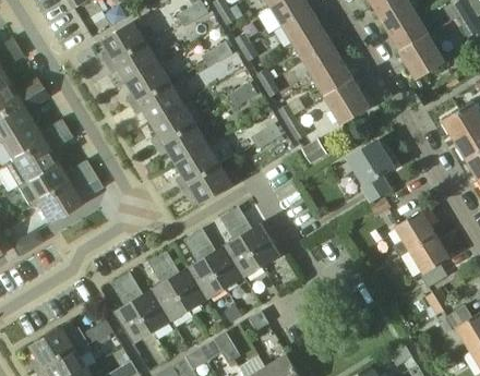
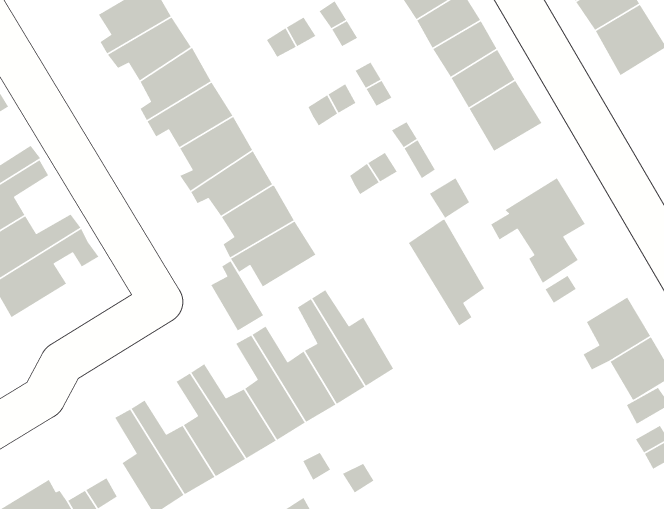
building: none -> [408,219,485,327]
building: none -> [210,260,264,332]

